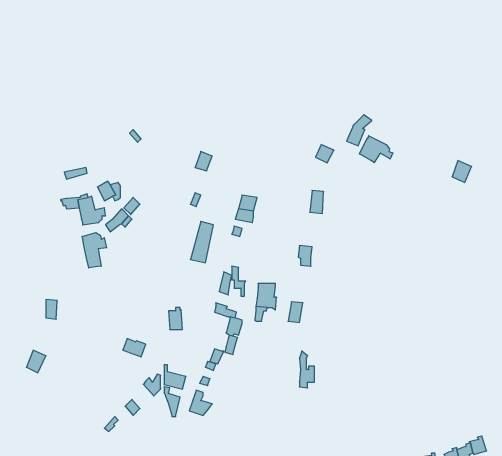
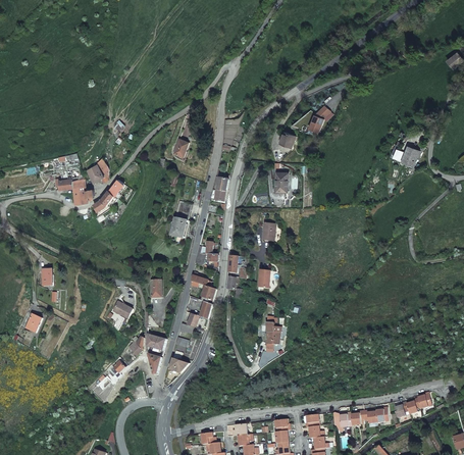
building: [359,136,393,163] -> none
building: [82,233,107,268] -> none

